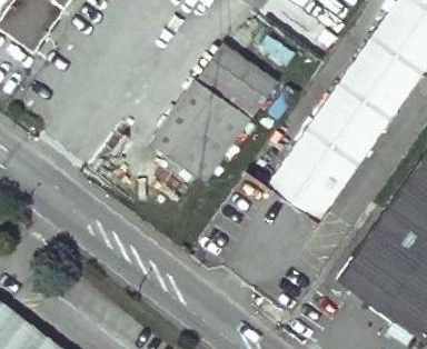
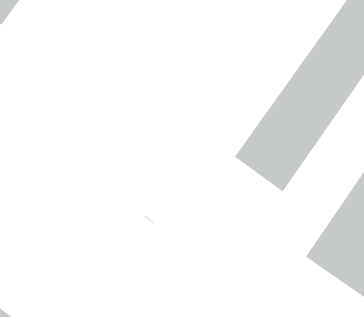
building: [200,40,277,111] -> none
building: [152,79,248,178] -> none

